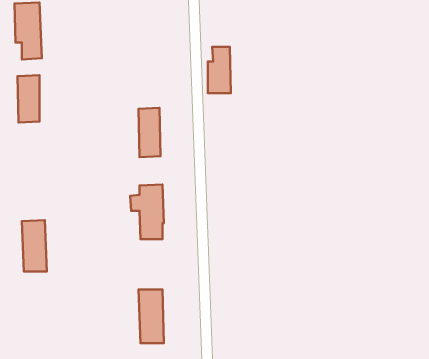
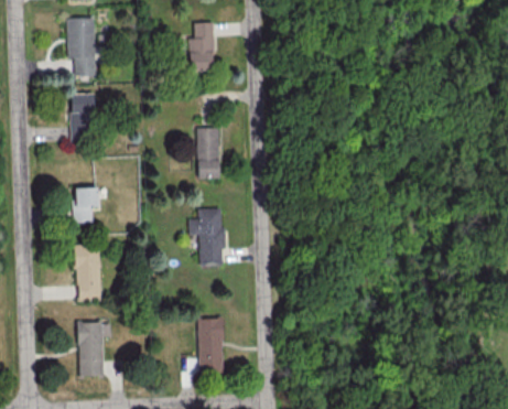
building: [208,47,231,93] -> [190,22,214,71]
building: none -> [74,187,98,222]
building: none -> [78,322,111,376]

